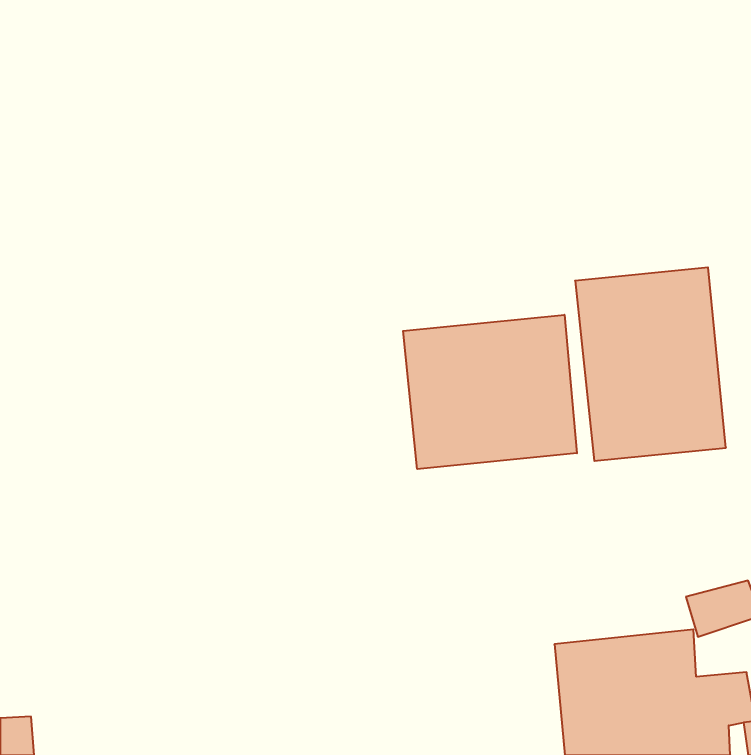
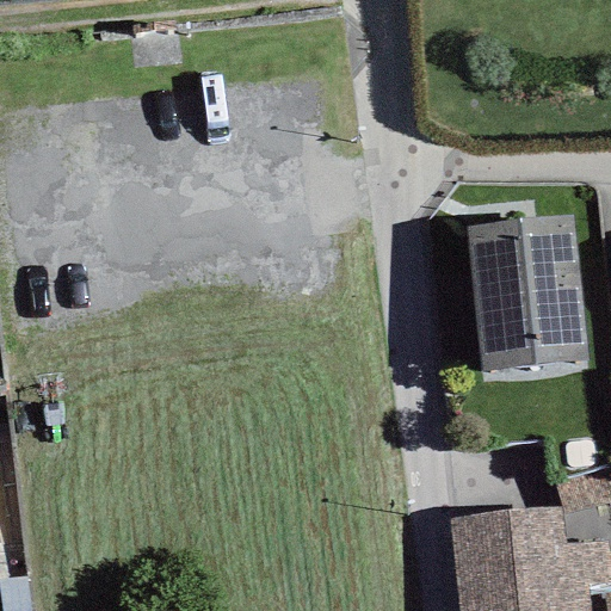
building: [403,315,577,469] -> none

